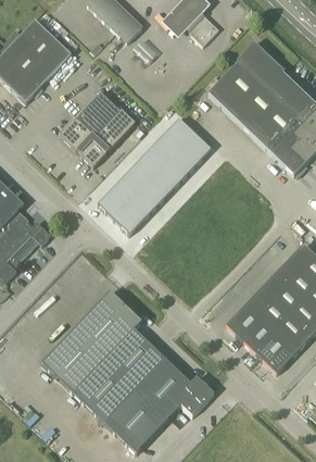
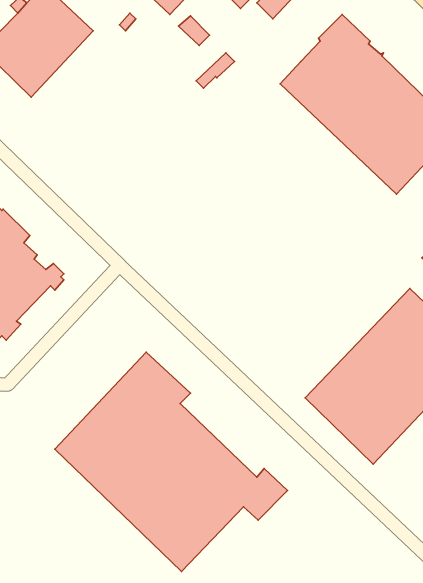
building: [59,92,135,166] -> none
building: [97,118,211,242] -> none

